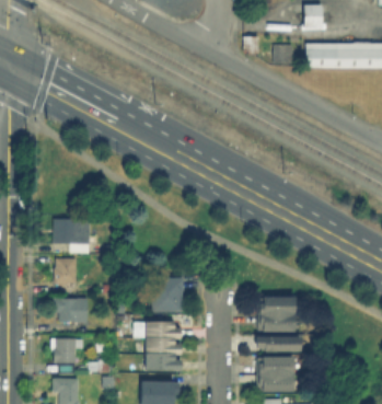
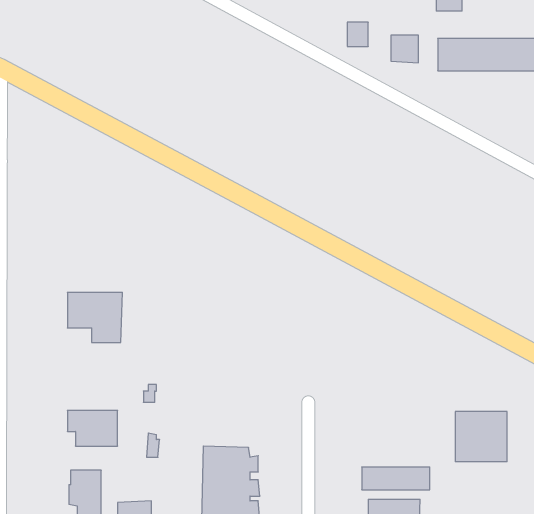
building: [54,258,77,293] -> none
building: [153,277,184,310] -> none
building: [257,296,292,330] -> [455,412,507,462]

